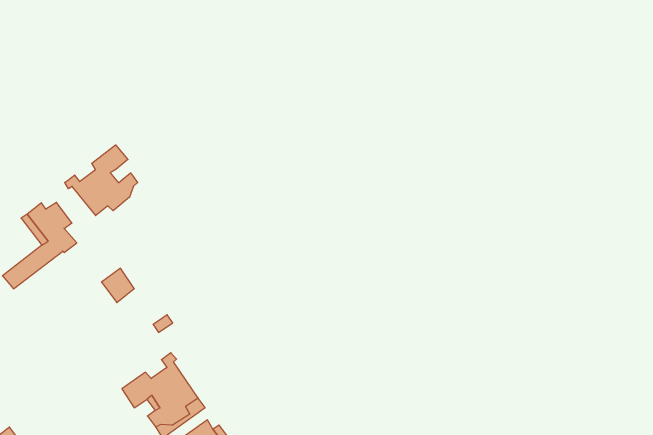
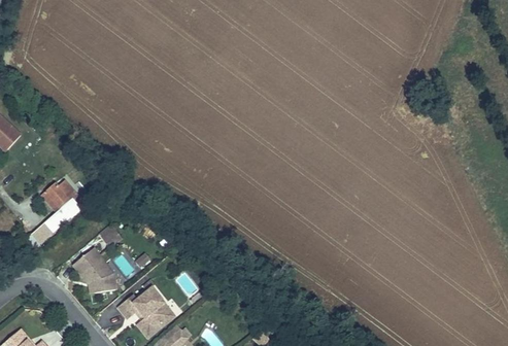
building: [65,145,138,216] -> none
building: none -> [74,250,116,293]

